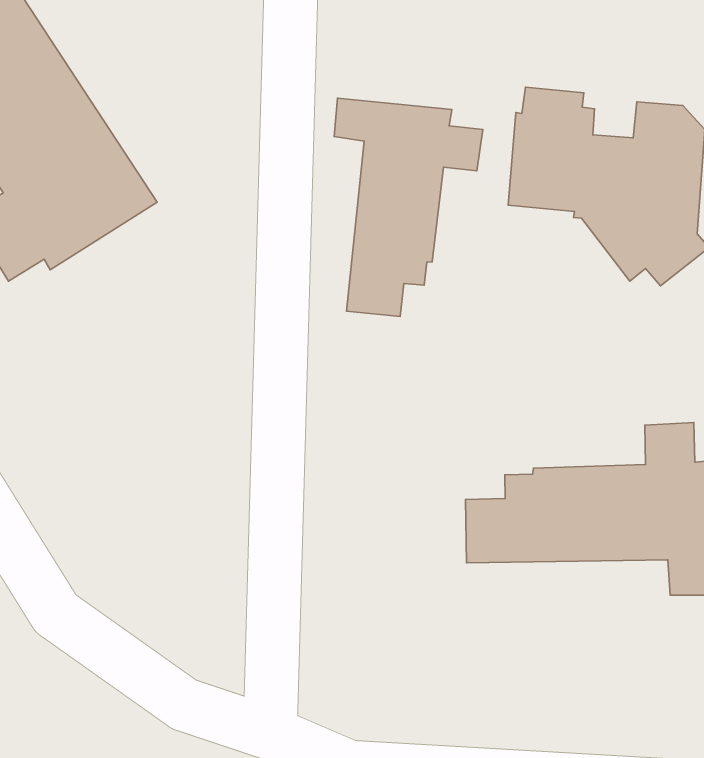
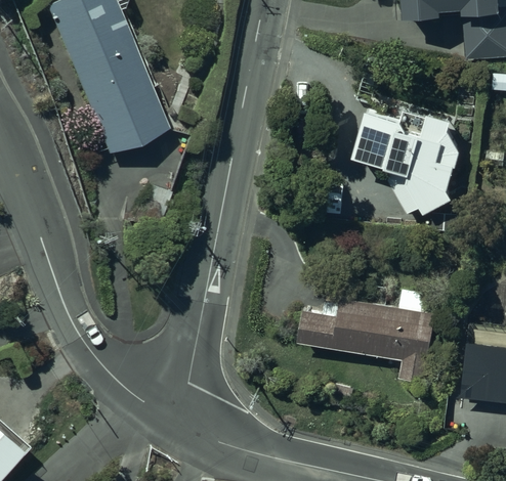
building: [334,98,483,317] -> none

